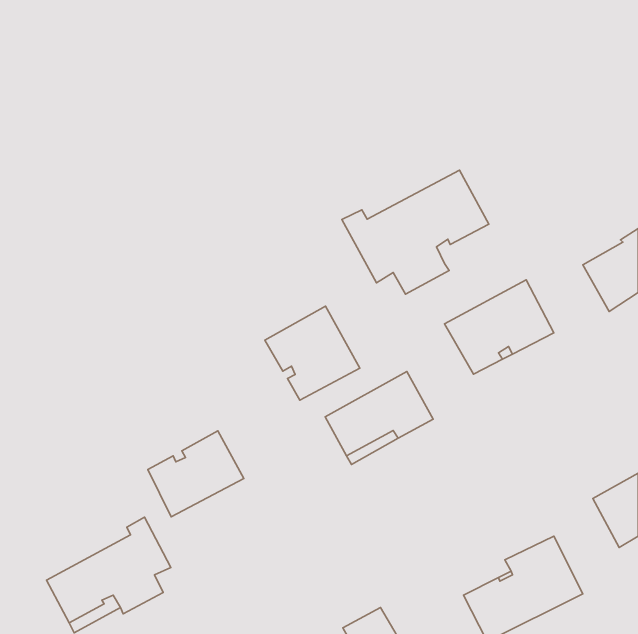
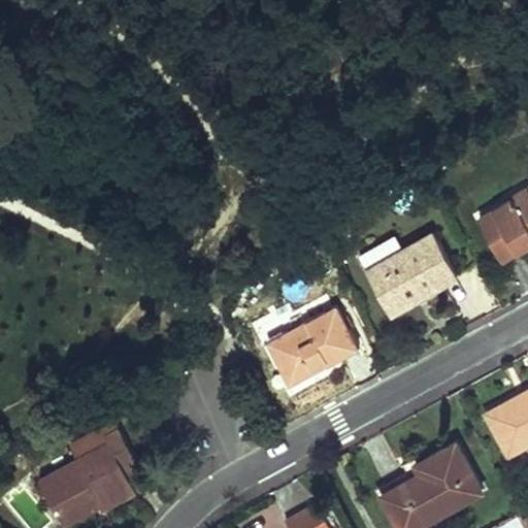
building: [342,170,489,294] -> none
building: [265,306,360,400] -> none
building: [148,431,244,517] -> none

